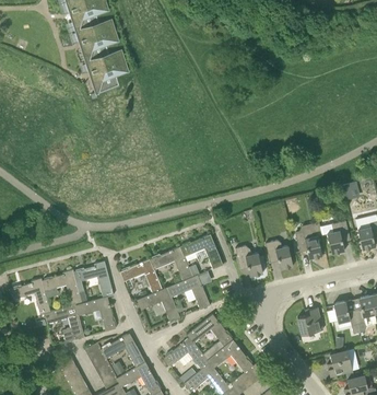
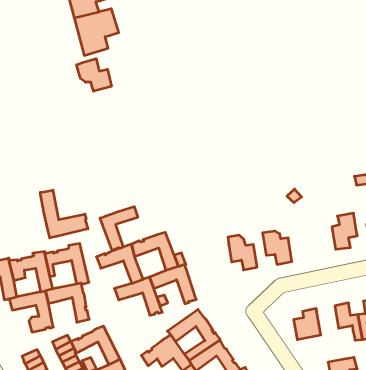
building: none -> [77,59,111,91]
building: none -> [40,190,88,238]
building: none -> [100,207,138,251]
building: [295,232,322,259] -> none
building: [179,234,223,269] -> none

